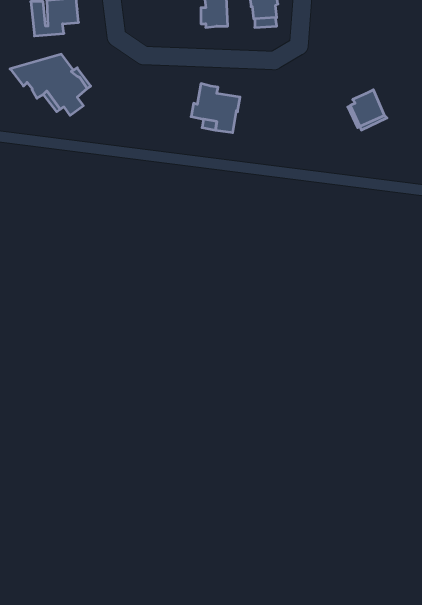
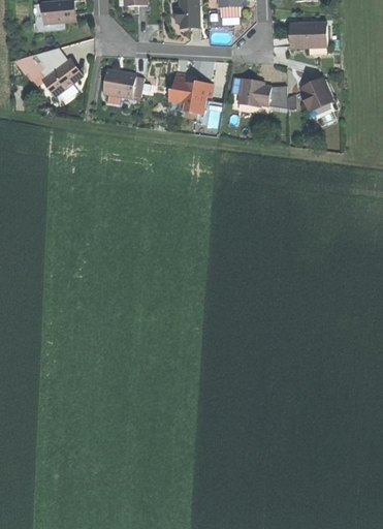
building: none -> [290,23,328,48]
building: none -> [103,71,145,97]
building: none -> [232,77,288,108]

